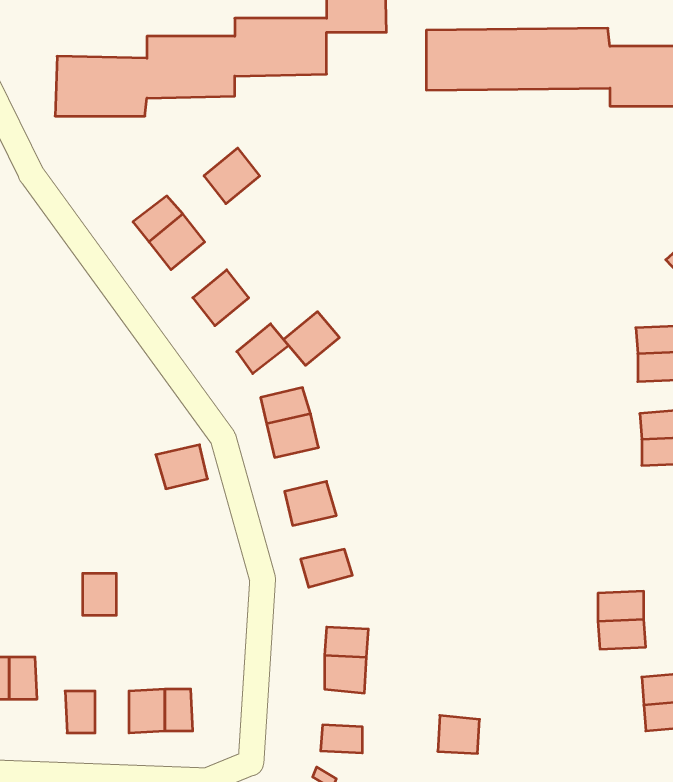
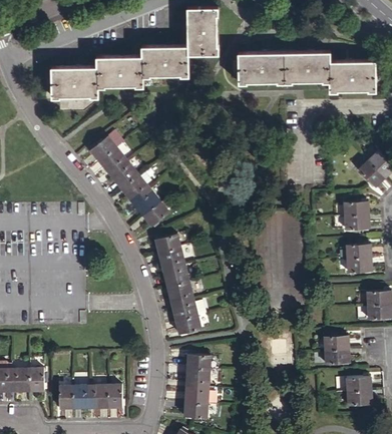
building: [204,148,260,204] -> [109,160,137,188]
building: [284,312,339,365] -> [131,188,159,215]
building: [156,445,208,489] -> [161,264,187,286]
building: none -> [170,298,197,320]
building: [83,573,116,615] -> [71,386,88,407]
building: [438,715,480,753] -> [185,385,207,404]

